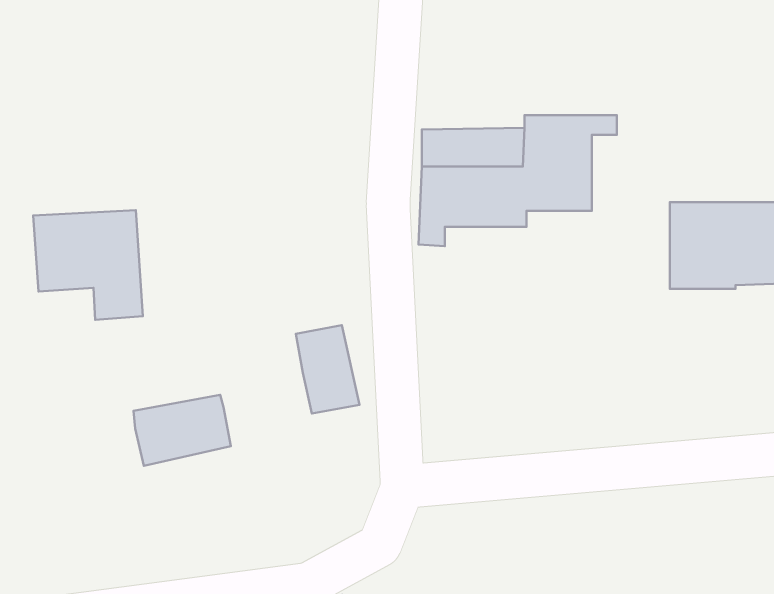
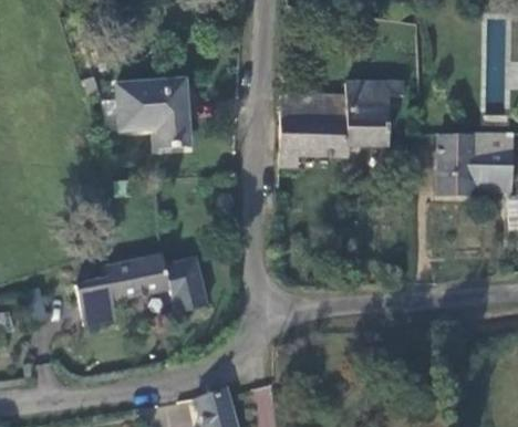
building: [33,210,143,320] -> [118,84,187,153]
building: [296,325,360,414] -> [156,261,196,316]
building: none -> [72,280,110,327]

